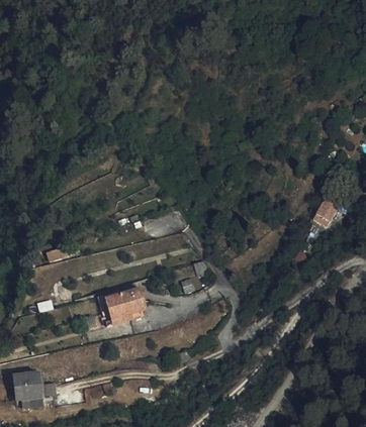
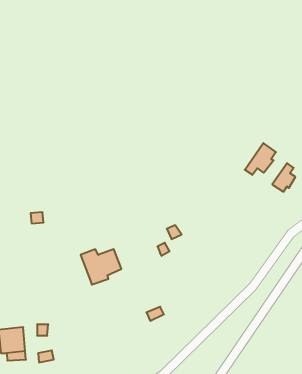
building: none -> [245,143,276,175]

